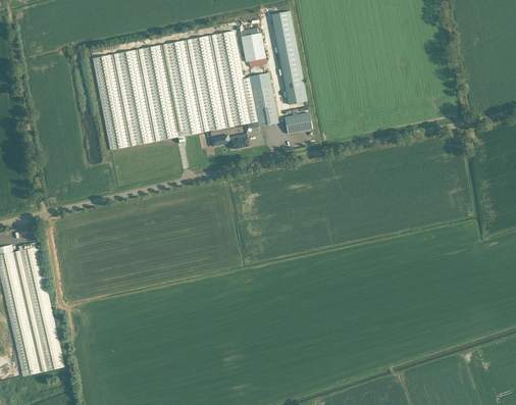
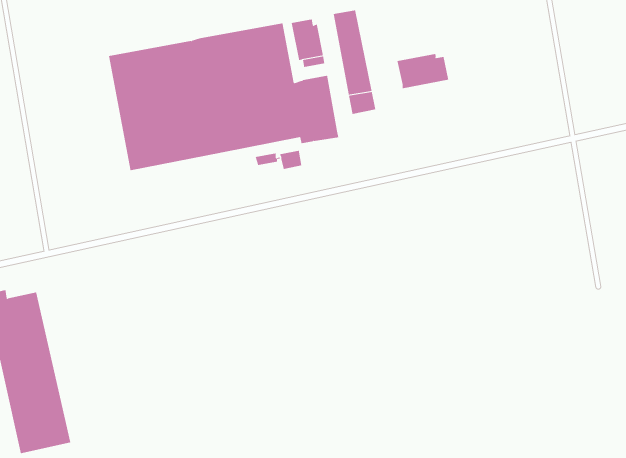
building: none -> [397,53,449,89]
building: [283,112,311,133] -> none

